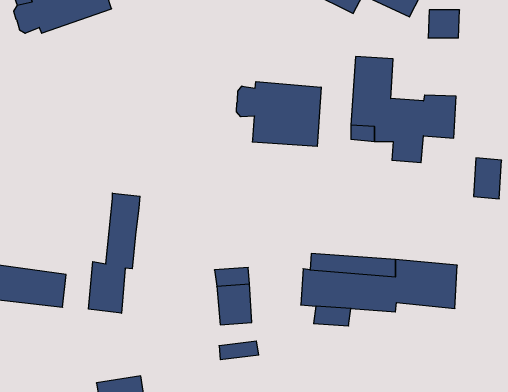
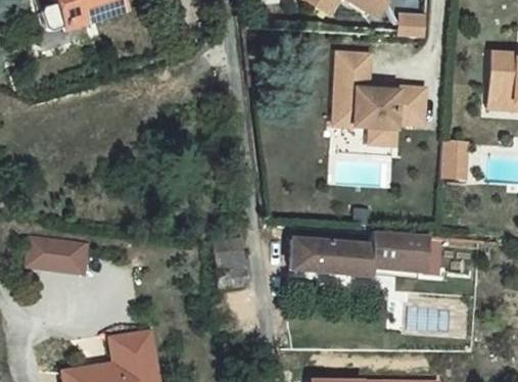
building: [237,82,321,146] -> none
building: [89,193,140,313] -> none

